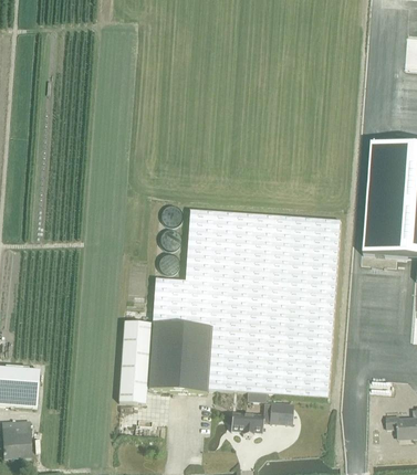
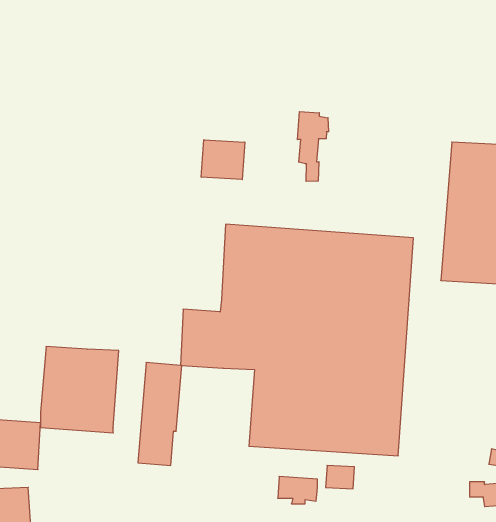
building: none -> [297,112,329,181]
building: none -> [201,140,245,180]
building: [149,323,212,392] -> [41,347,119,433]

